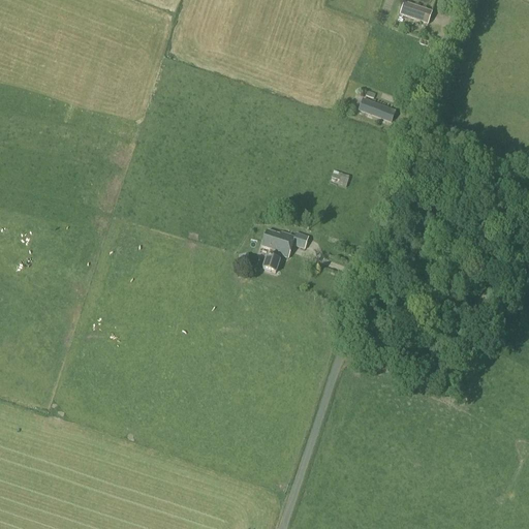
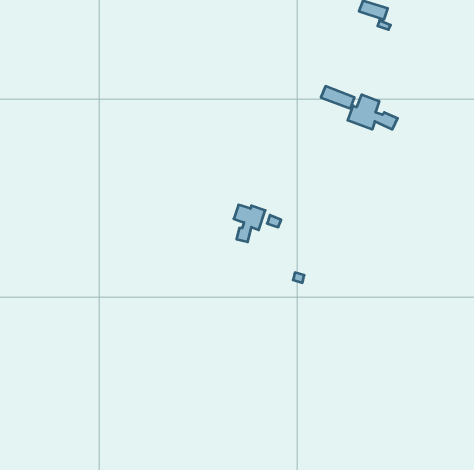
building: none -> [348,95,398,129]

